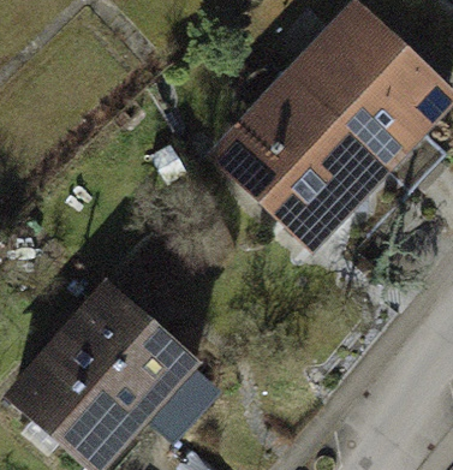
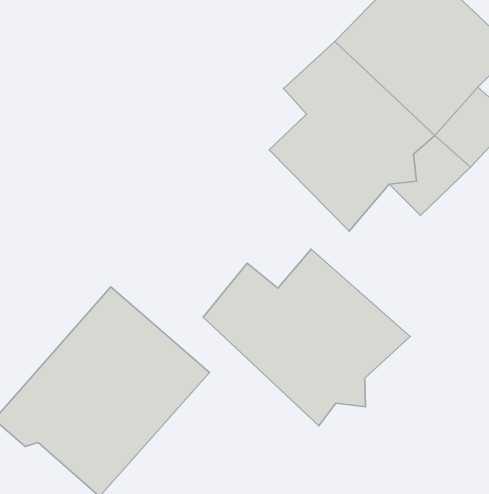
building: none -> [203,249,410,426]

